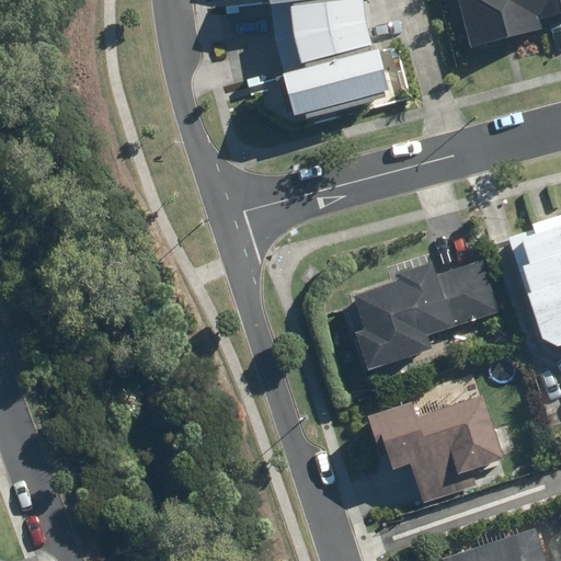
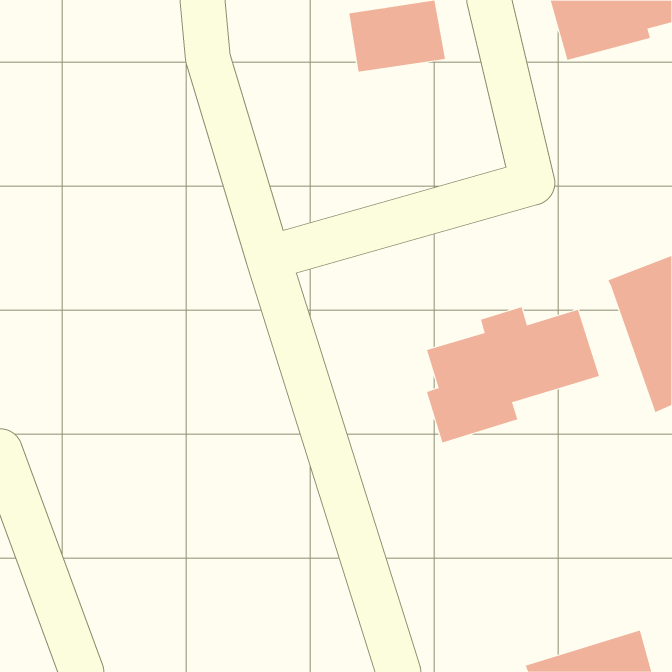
building: [284,51,390,119] -> none
building: [362,391,506,505] -> none

